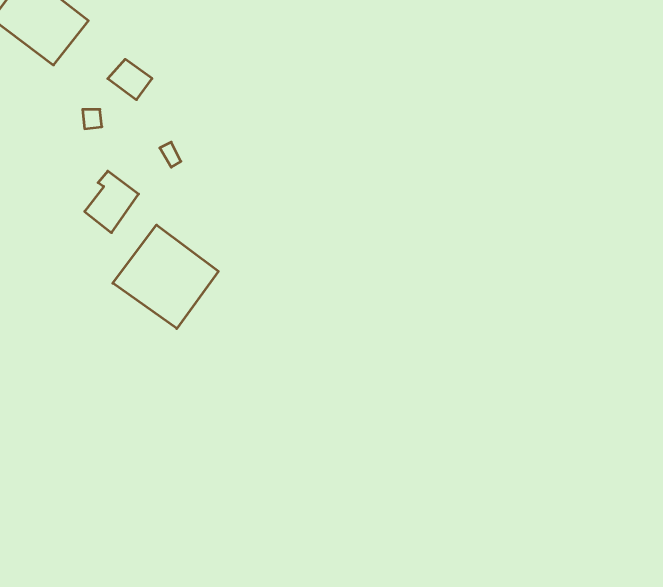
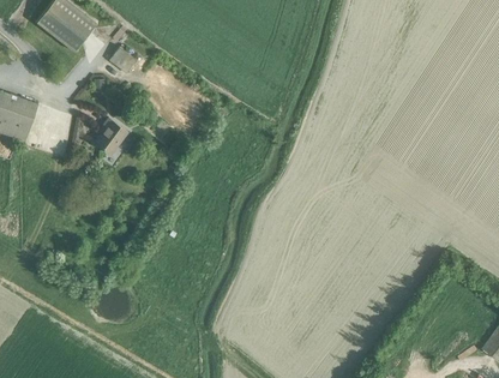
building: [113,225,218,329] -> none

